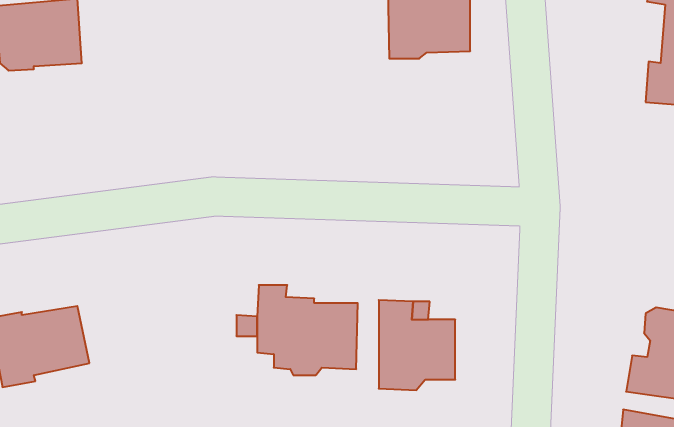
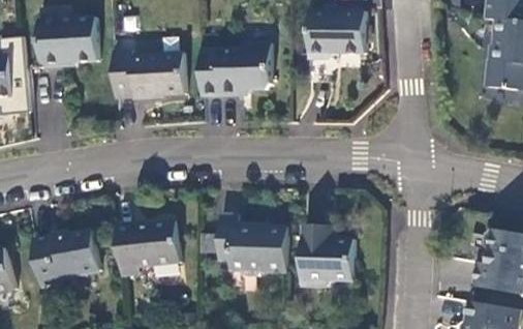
building: none -> [201,42,271,96]
building: none -> [113,50,185,100]
building: none -> [118,221,182,275]

